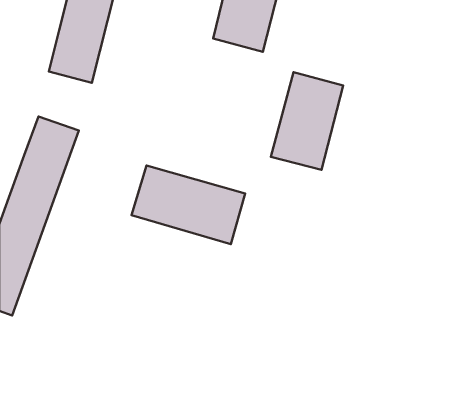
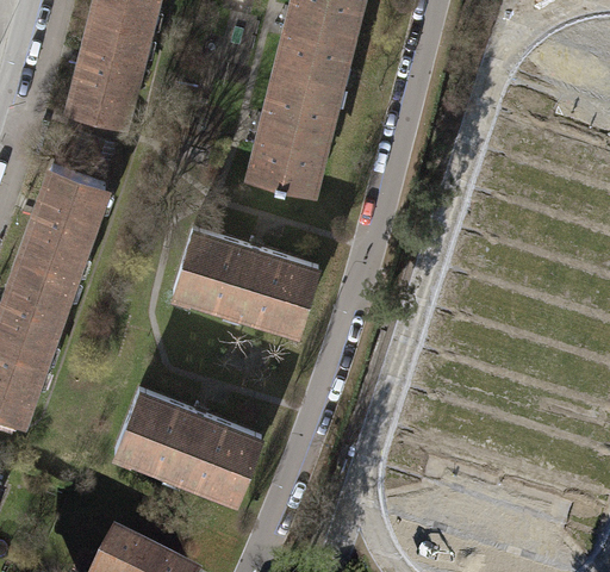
building: [271,72,343,170] -> [249,70,341,194]
building: none -> [114,392,263,502]

